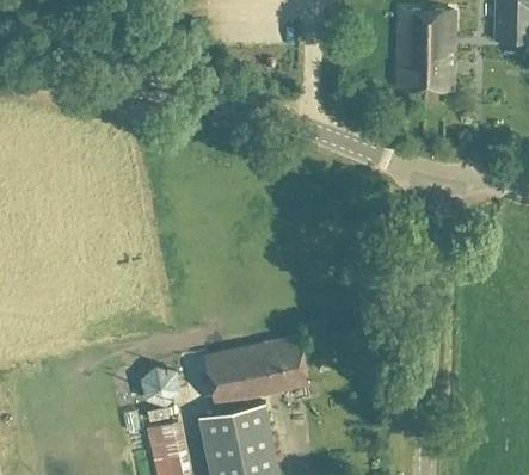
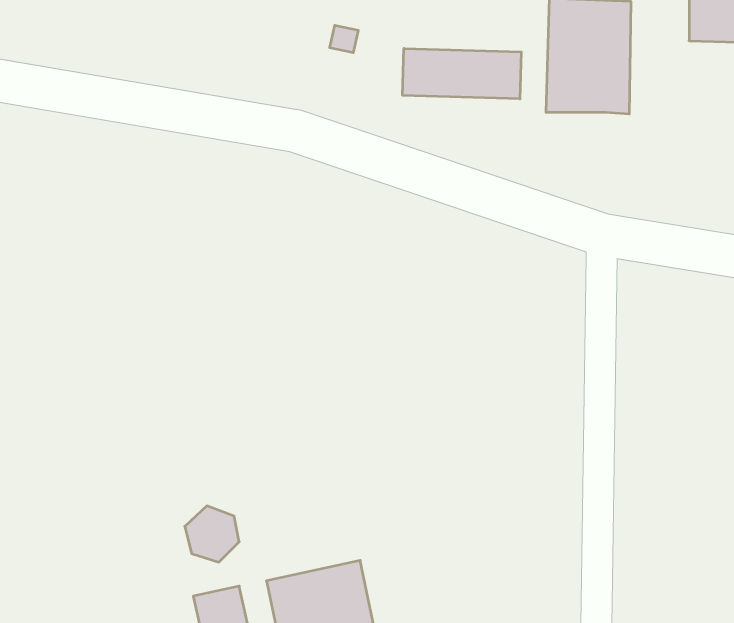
building: none -> [403,48,521,99]
building: [203,337,307,405] -> none

